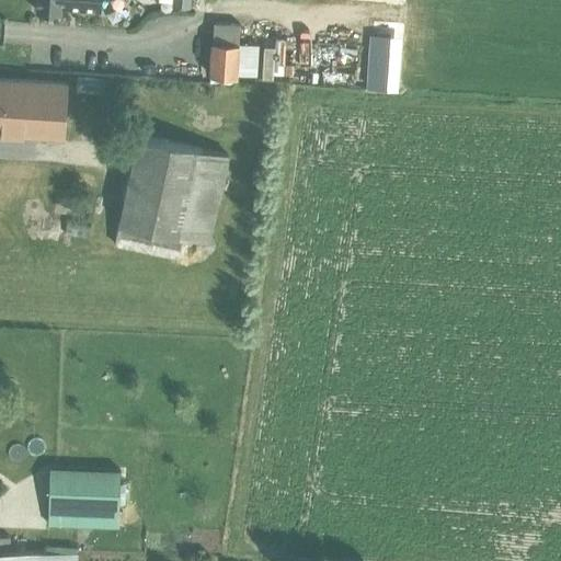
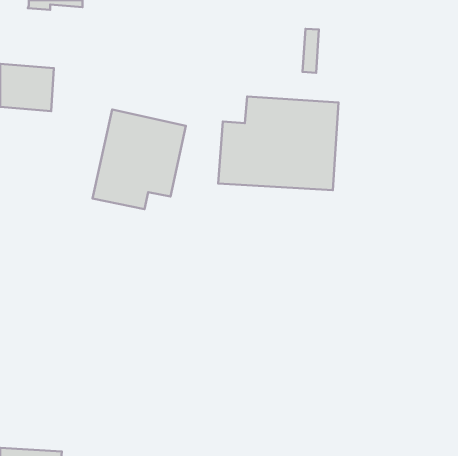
building: [209,24,259,78] -> none
building: none -> [218,97,338,190]
building: [47,470,131,529] -> none

